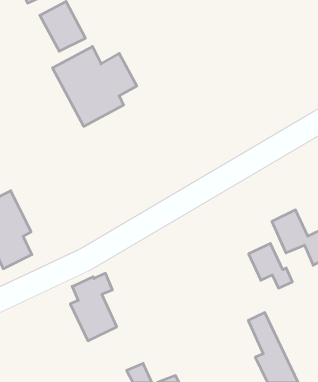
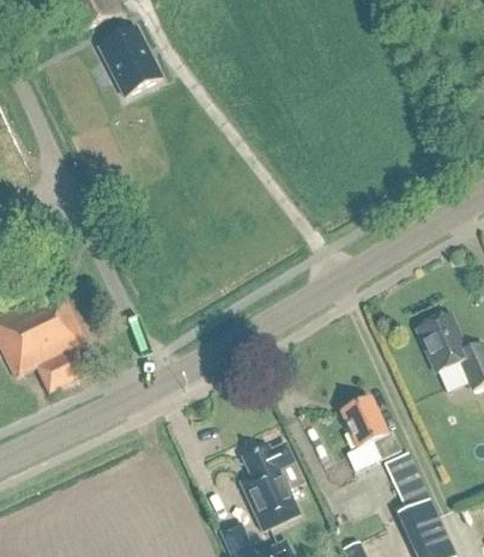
building: [53,46,137,126] -> none
building: [249,243,292,288] -> [340,395,400,456]
building: [70,273,117,341] -> [236,438,300,531]

